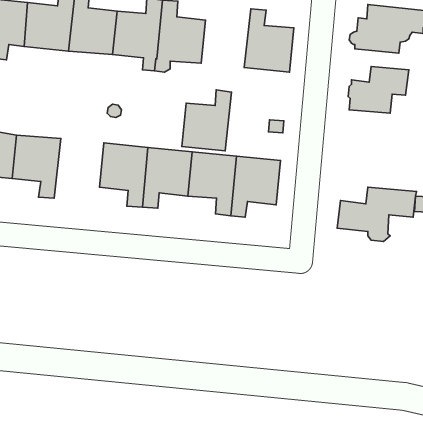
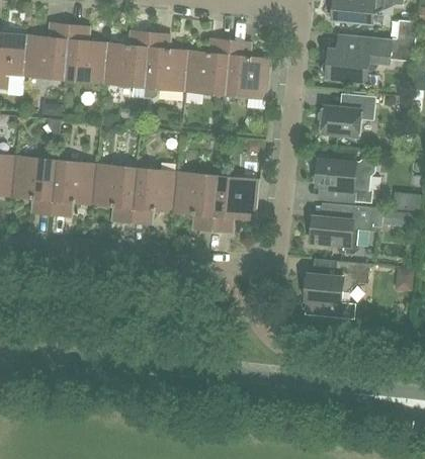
building: [182,90,232,151] -> [184,38,230,94]
building: none -> [311,158,373,202]
building: none -> [50,159,95,215]
building: none -> [304,260,368,318]

